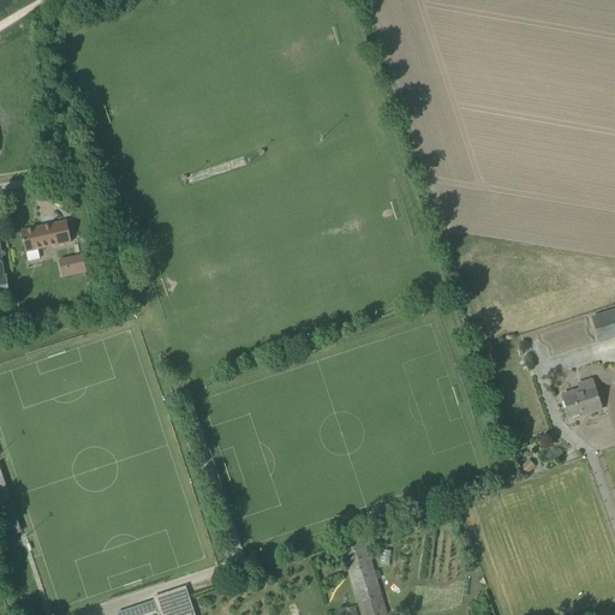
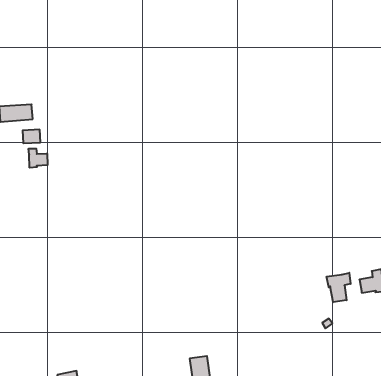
building: none -> [29,149,48,168]
building: none -> [327,273,351,302]

